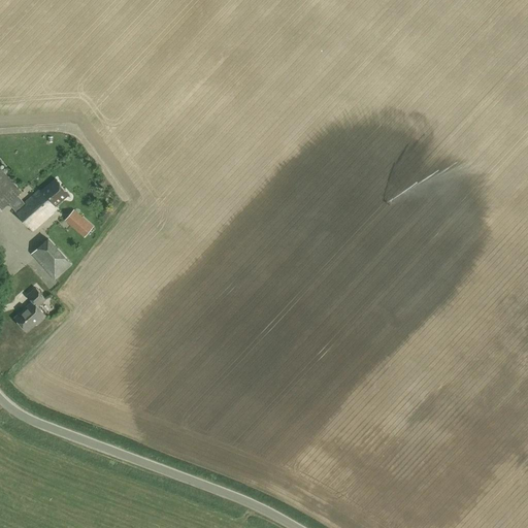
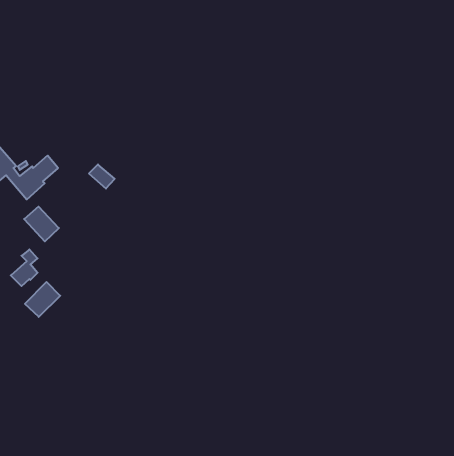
building: [62,209,92,237] -> [89,164,115,189]
building: none -> [25,282,60,317]

